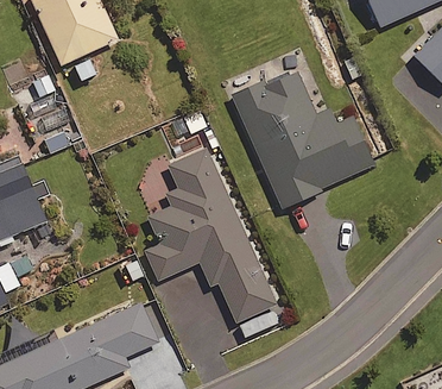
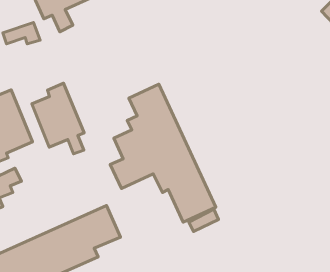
building: [231,68,374,207] -> none
building: none -> [32,83,84,154]

